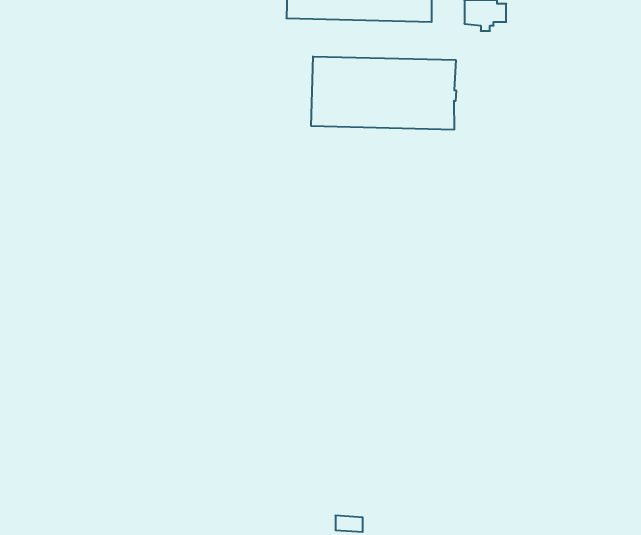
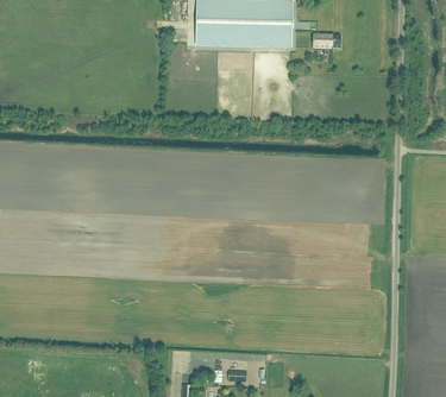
building: [311,56,456,130] -> none

